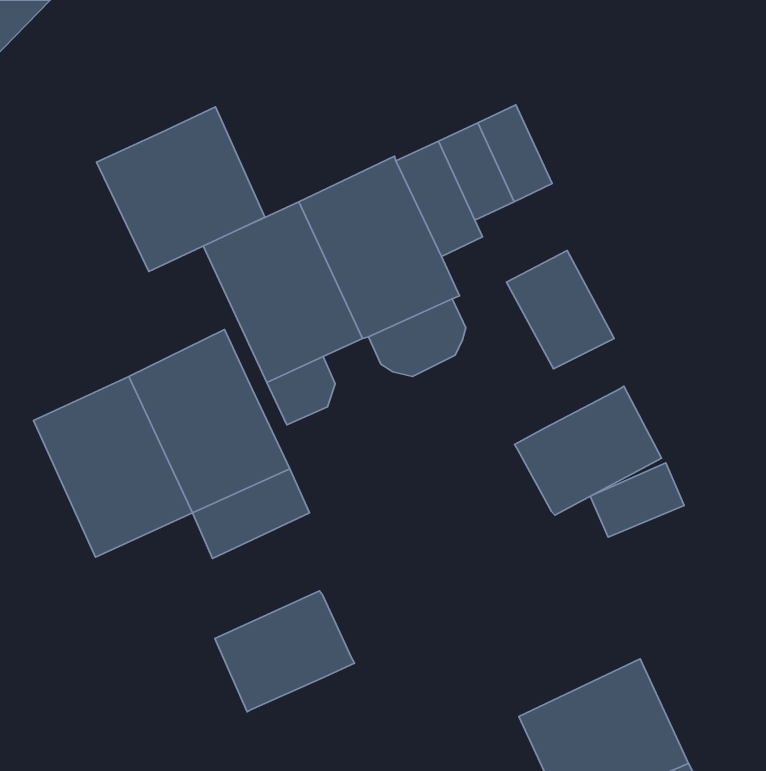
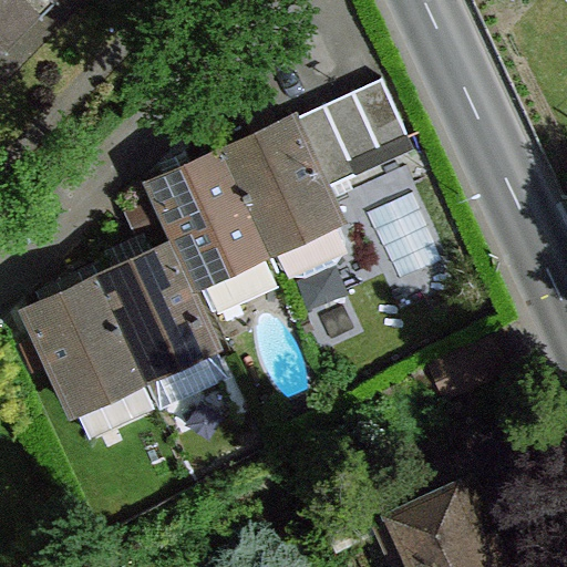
building: [97,107,265,271] -> none
building: [515,386,661,515] -> none
building: [215,591,355,712] -> none

